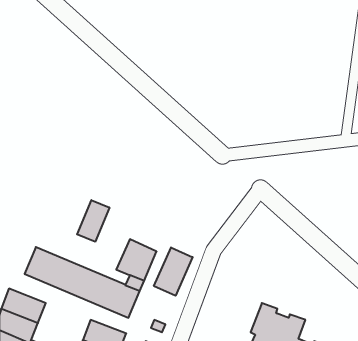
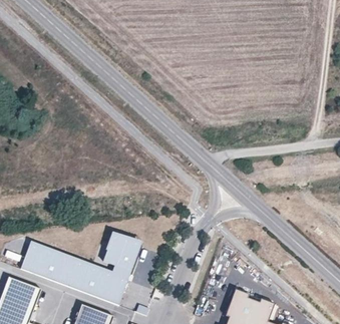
building: [77,200,109,242] -> none
building: [154,247,193,296] -> none

